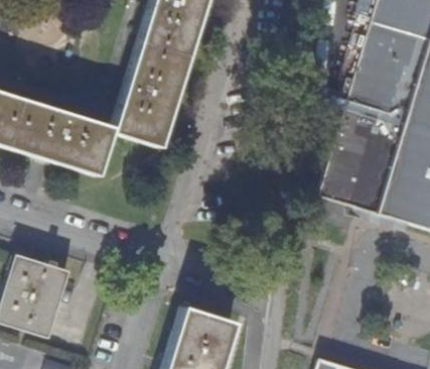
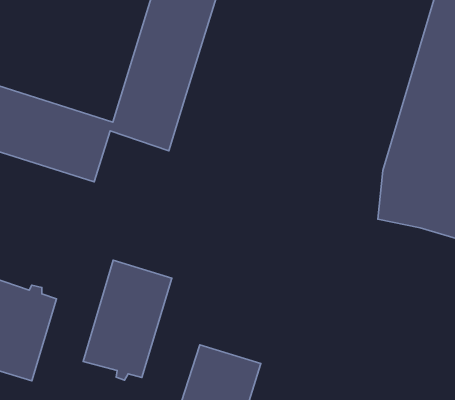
building: none -> [83,260,172,380]

